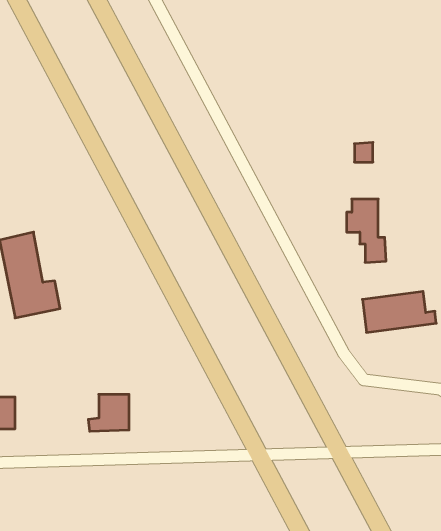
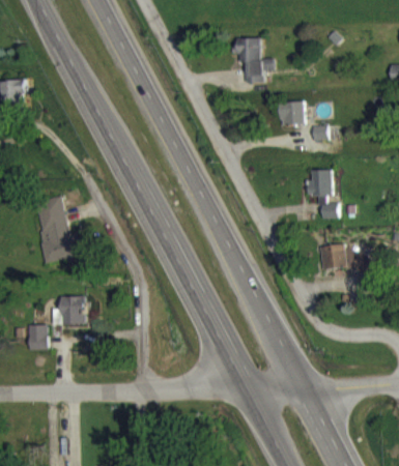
building: none -> [237,38,275,83]
building: none -> [280,101,305,126]
building: [88,394,129,431] -> [53,296,85,325]

